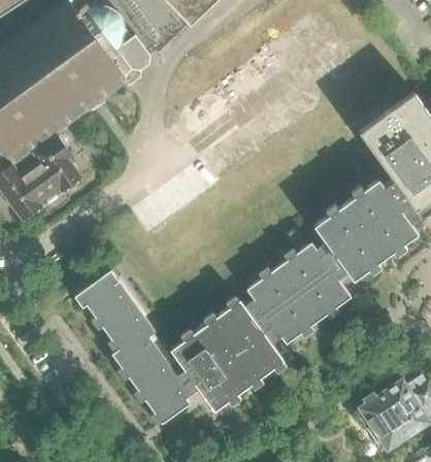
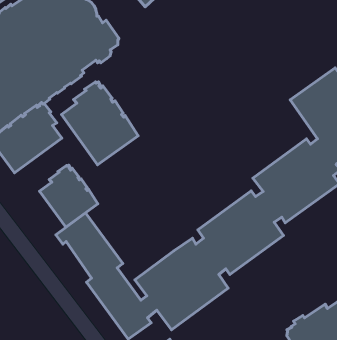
building: none -> [61,82,138,165]
building: none -> [39,165,98,227]

